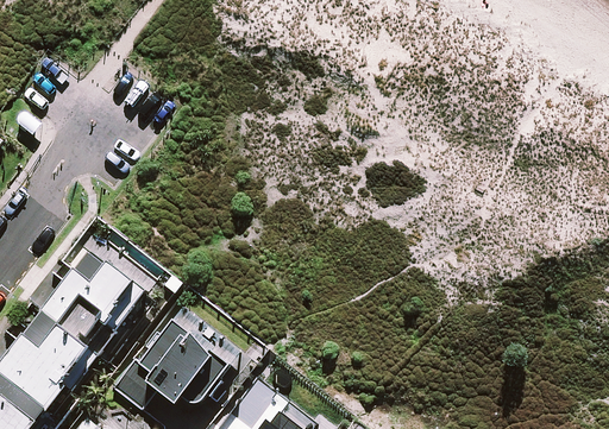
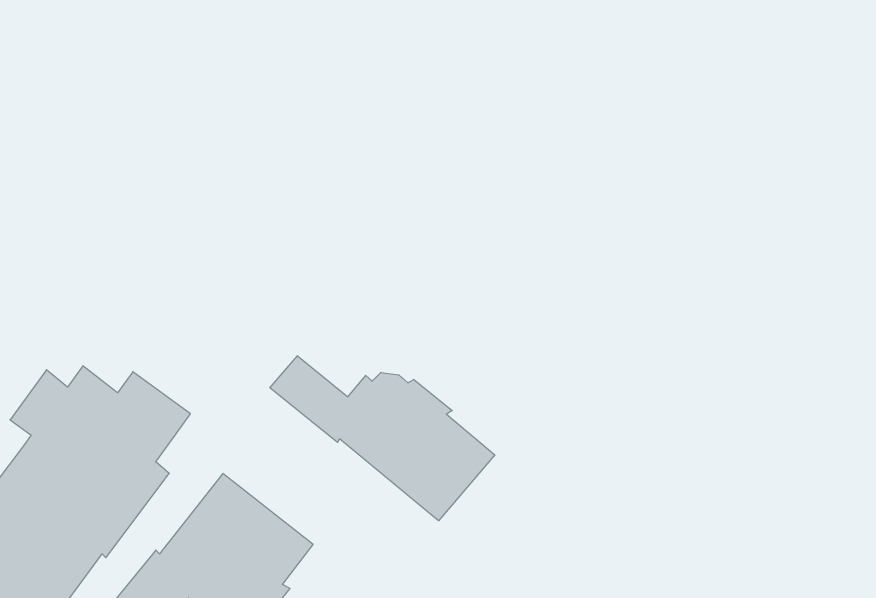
building: none -> [270,356,495,521]

